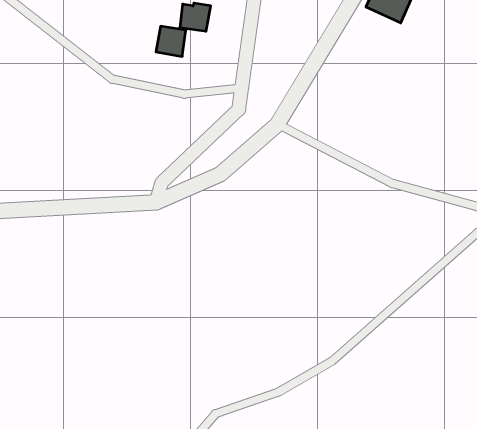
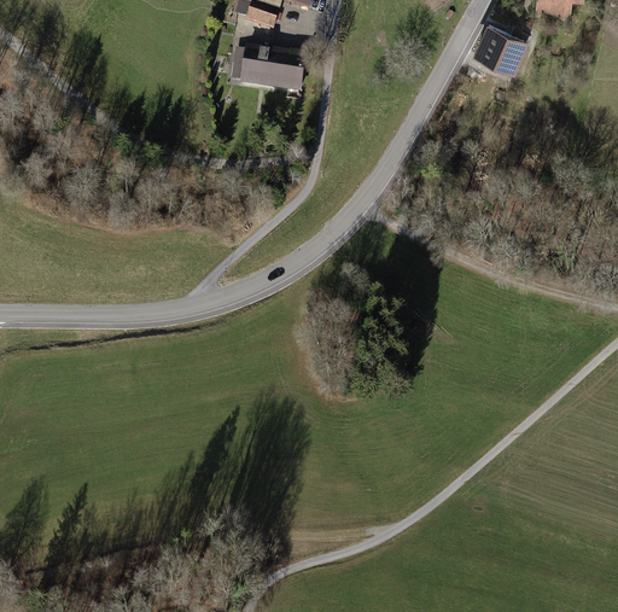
building: [156,26,186,56] -> [266,52,304,91]

